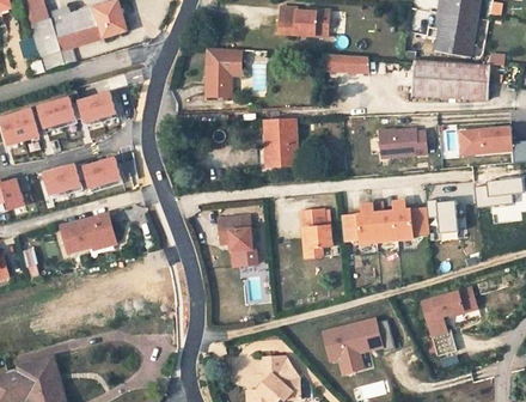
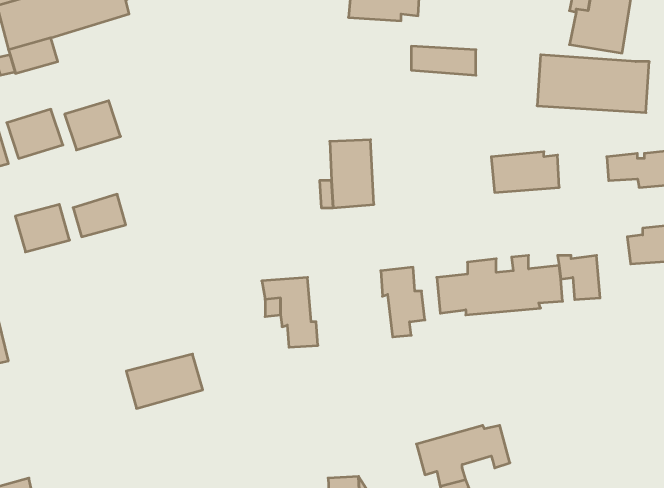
building: [206,47,240,97] -> none
building: [60,213,114,251] -> [126,354,203,408]
building: [420,286,476,355] -> none

